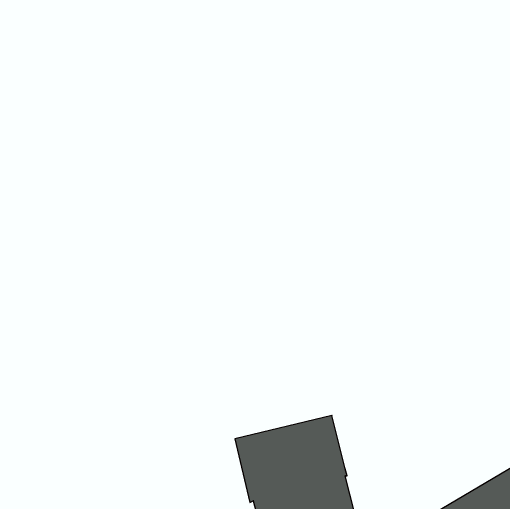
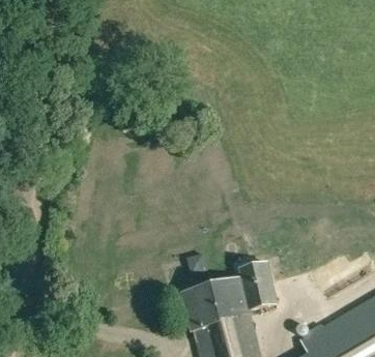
building: none -> [240,259,278,308]

